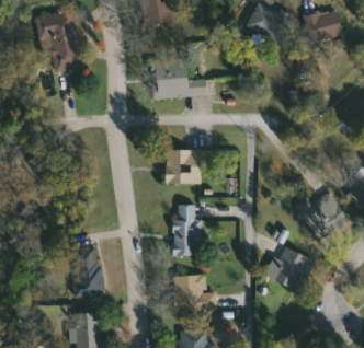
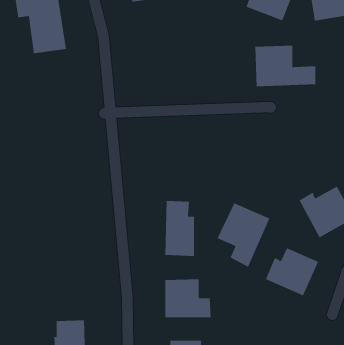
building: [150,61,206,100] -> [255,45,316,87]
building: [164,151,198,185] -> none
building: none -> [216,202,270,268]
building: [68,248,104,298] -> none

